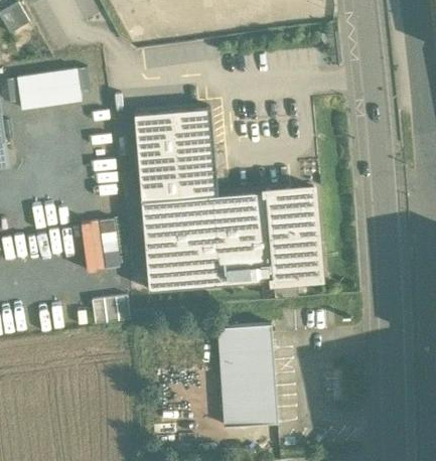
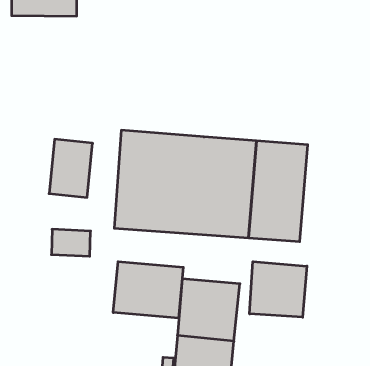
building: [133,107,216,200] -> none
building: none -> [250,262,307,317]
building: none -> [113,262,183,318]

